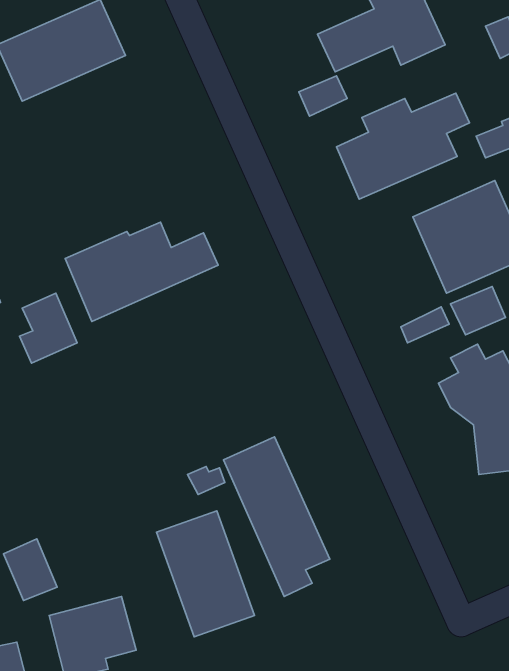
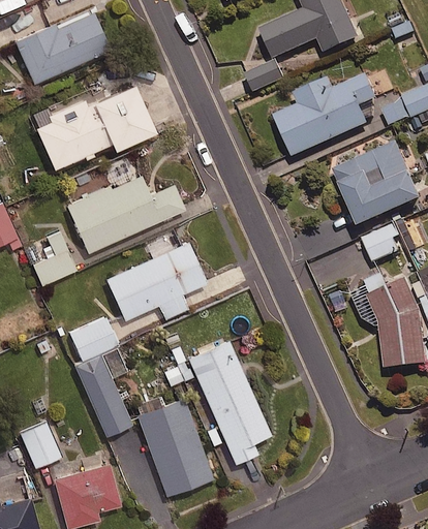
building: none -> [35,86,154,169]
building: none -> [105,242,206,319]
building: none -> [68,315,131,436]

